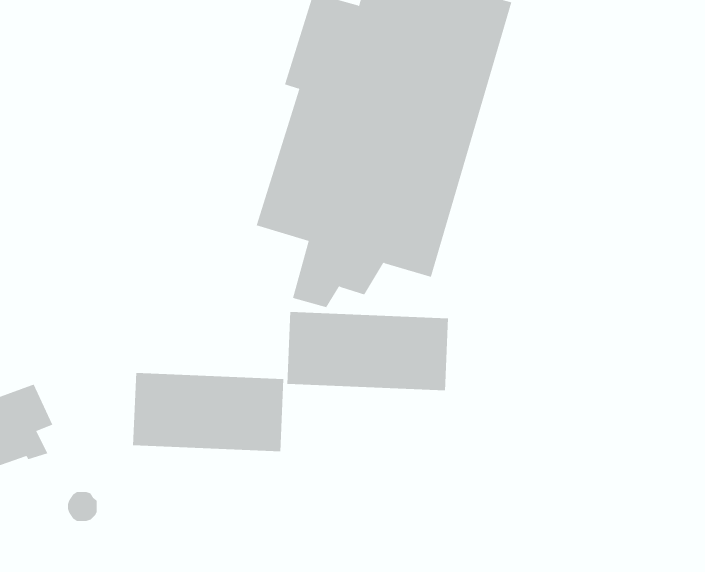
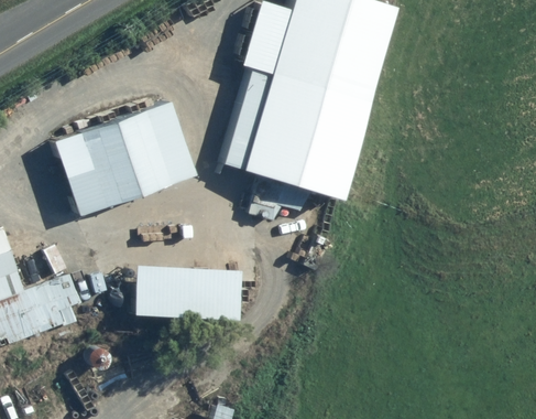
building: none -> [55,100,197,215]
building: [287,311,448,391] -> none

